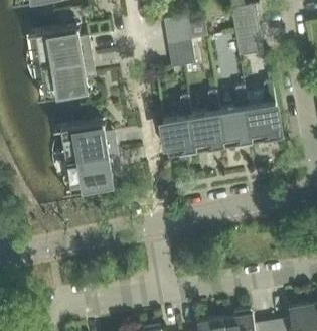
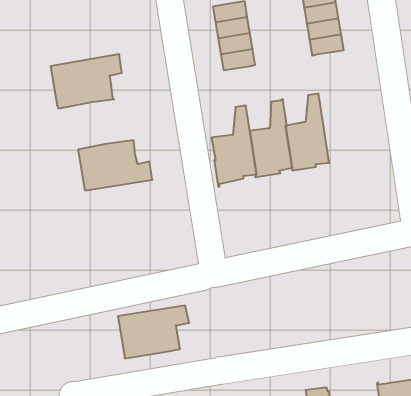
building: [35,27,93,66] -> none
building: [248,82,282,142] -> none
building: [66,153,121,193] -> [118,306,189,358]

